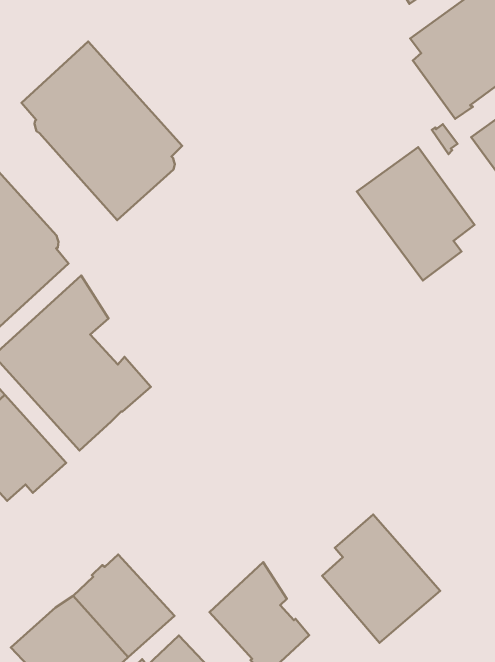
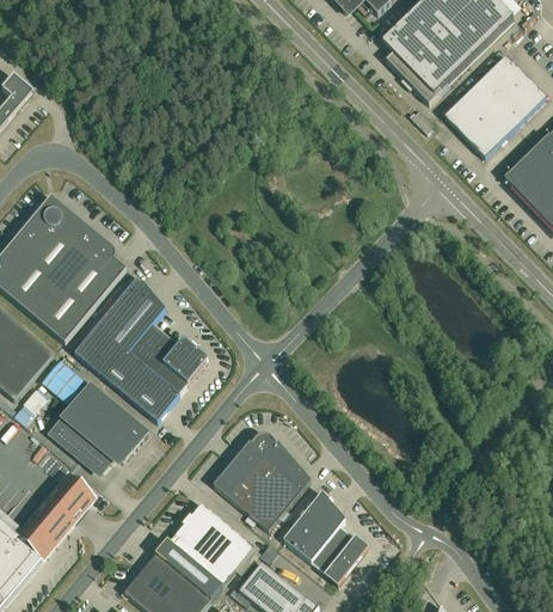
building: [21,41,182,220] -> none
building: [357,147,474,280] -> none
building: none -> [213,434,311,531]
building: [322,514,440,643] -> none

